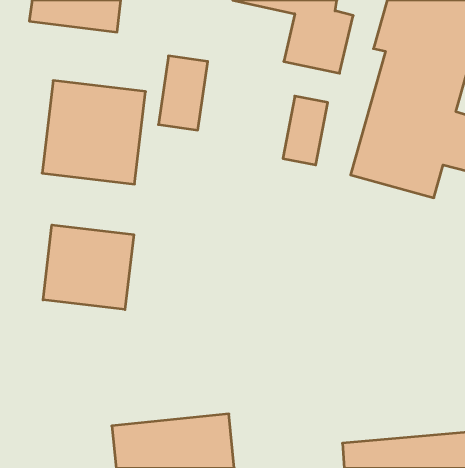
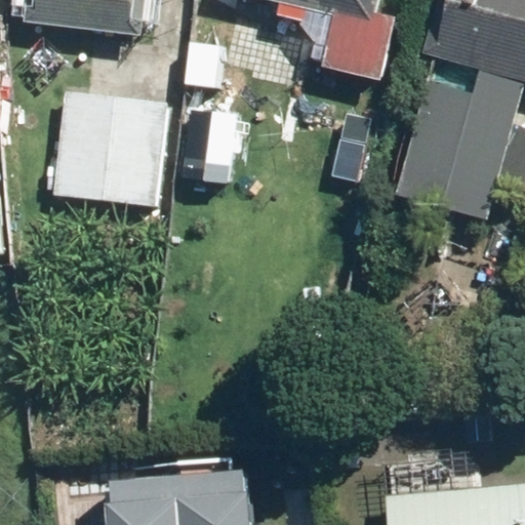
building: [43,225,134,310] -> none

